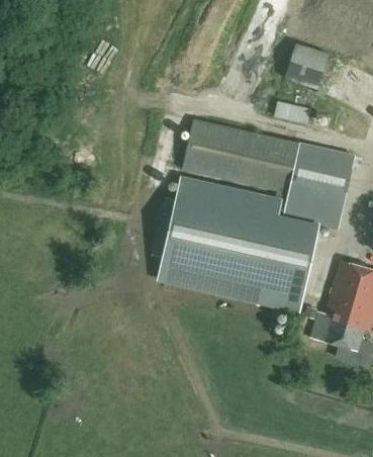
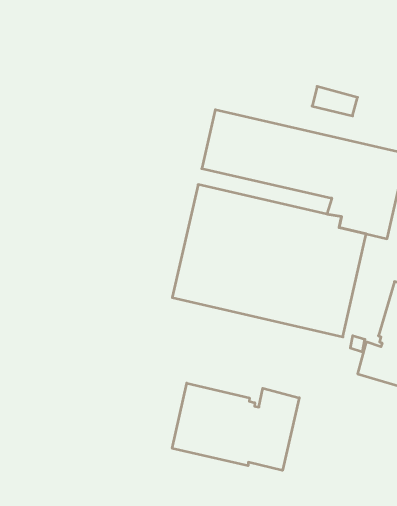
building: [285,42,330,89] -> none
building: none -> [172,383,299,470]

